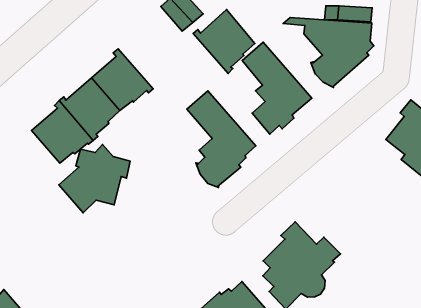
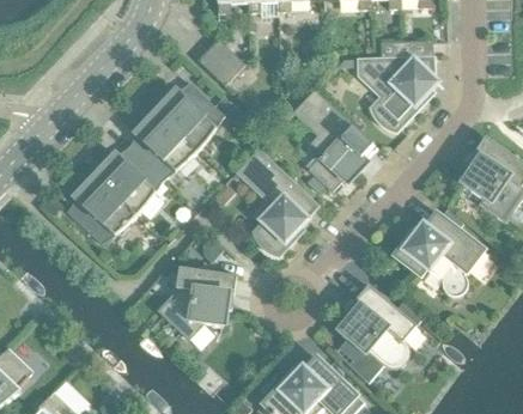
building: [193,10,255,73] -> [154,81,224,152]
building: [59,145,130,213] -> [159,261,236,339]
building: none -> [393,213,485,294]

